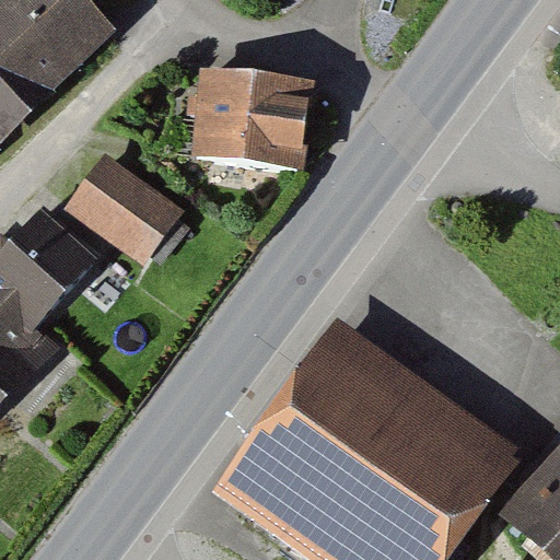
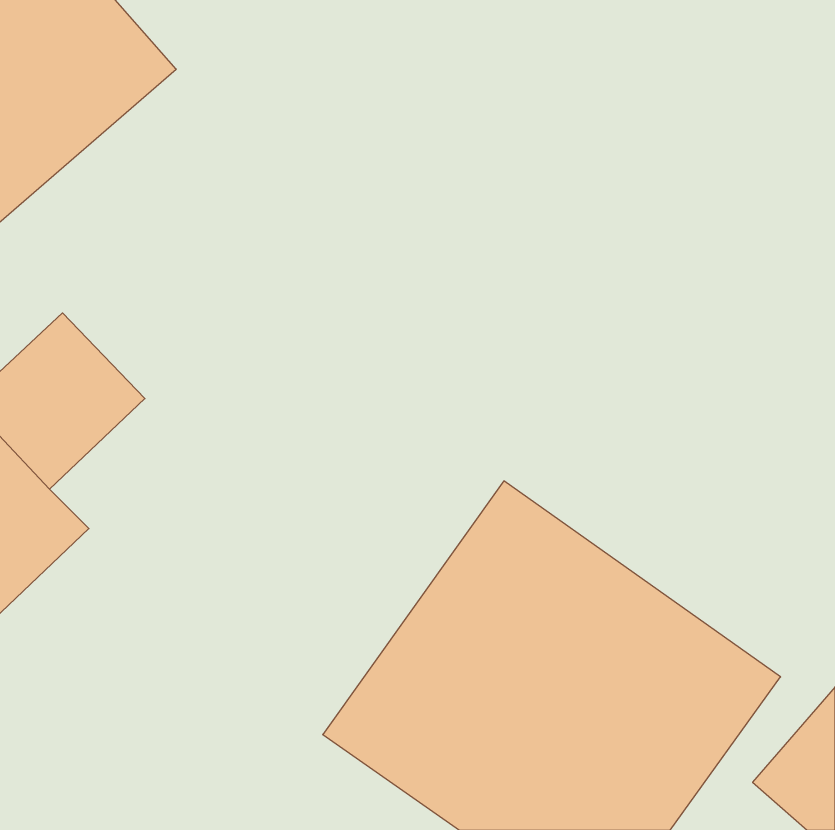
building: [198,68,322,161] -> none
building: [72,154,179,253] -> none

